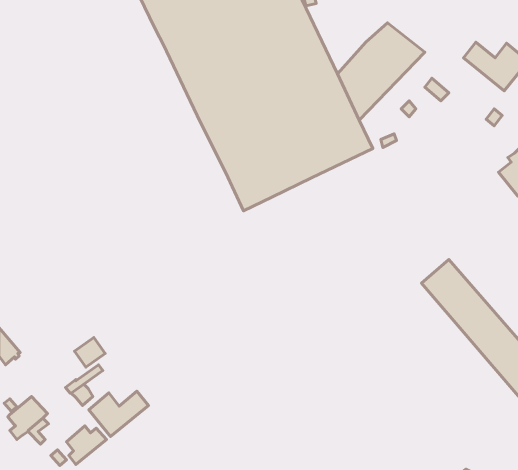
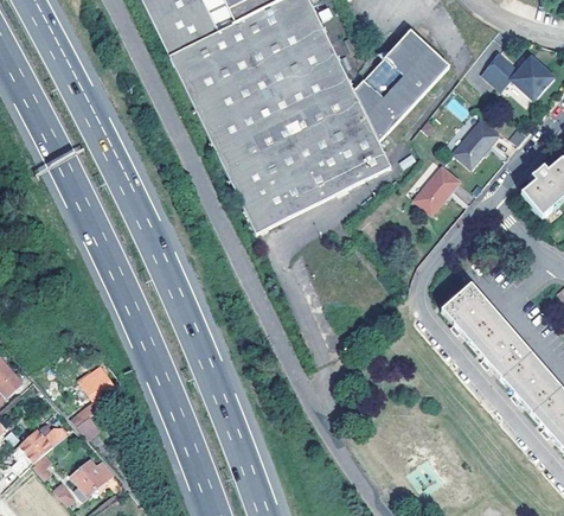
building: none -> [455,120,499,166]
building: none -> [416,165,460,211]
building: [89,391,148,436] -> none

